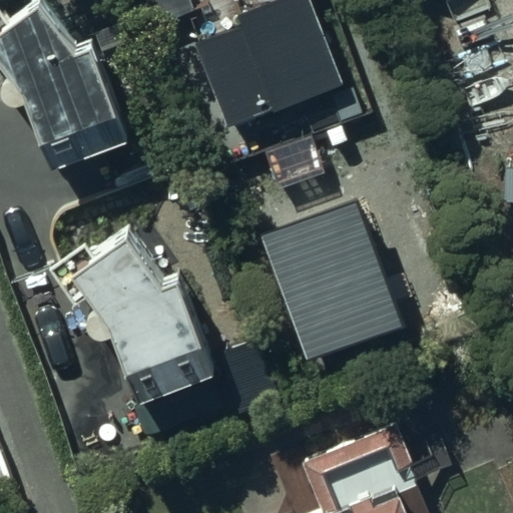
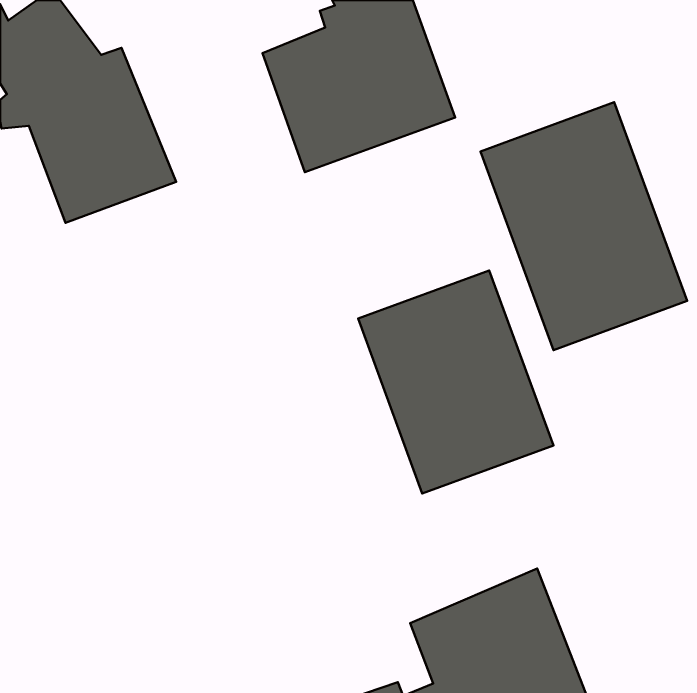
building: none -> [480,102,687,350]
building: [50,231,211,400] -> none

